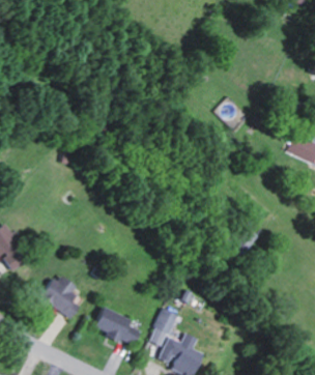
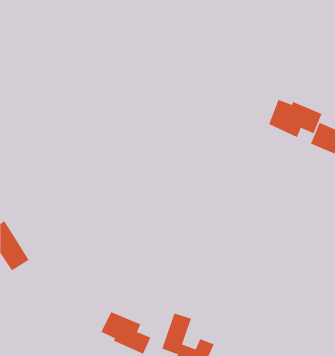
building: none -> [269,99,322,138]
building: [40,273,78,319] -> none

